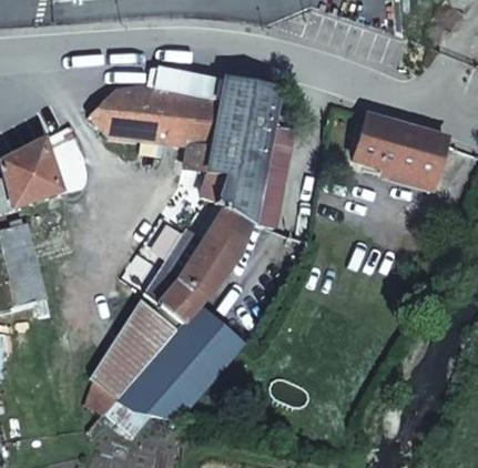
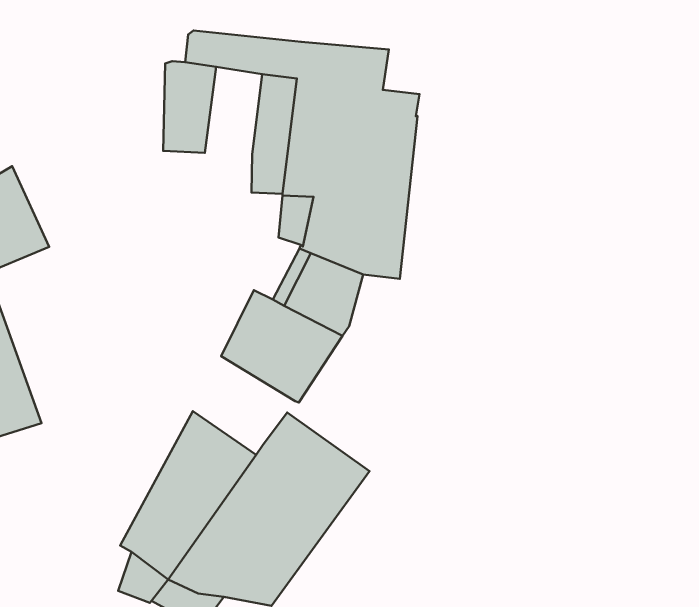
building: [90,84,142,138] -> none
building: [162,89,201,144] -> none
building: [356,114,447,181] -> none
building: [145,266,205,323] -> none

